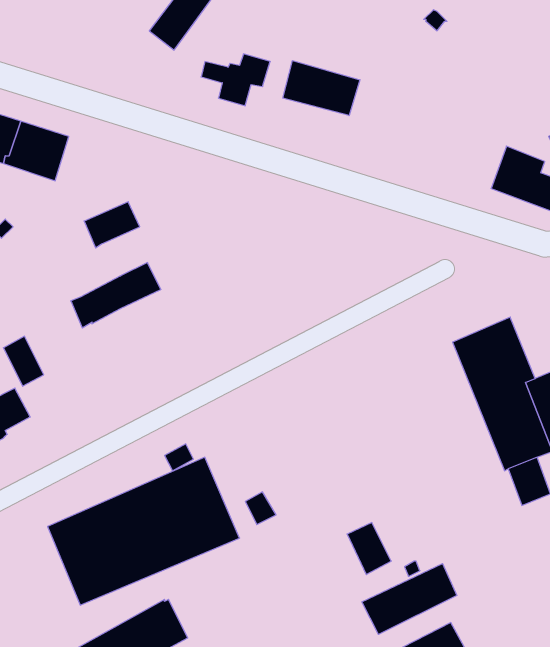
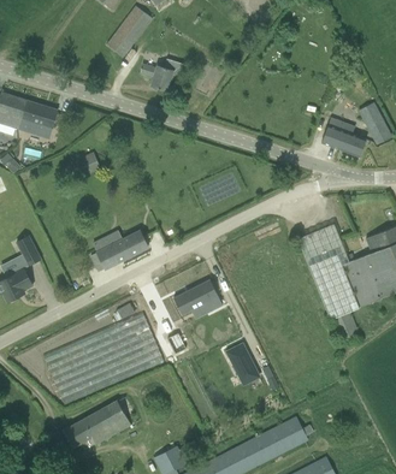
building: [283,61,360,116] -> none
building: [71,263,161,328] -> [91,231,148,272]
building: none -> [172,279,221,315]
building: [362,564,457,634] -> none

